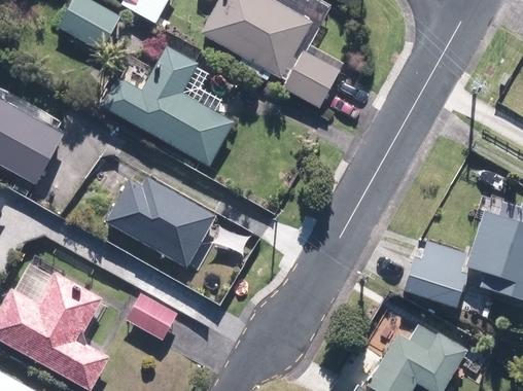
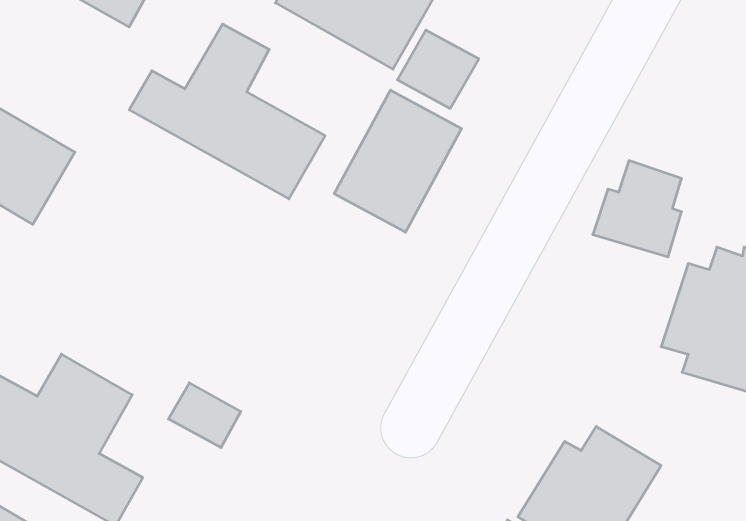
building: none -> [334,90,462,232]
building: [105,177,214,265] -> none
building: [404,239,464,305] -> [593,161,682,257]

